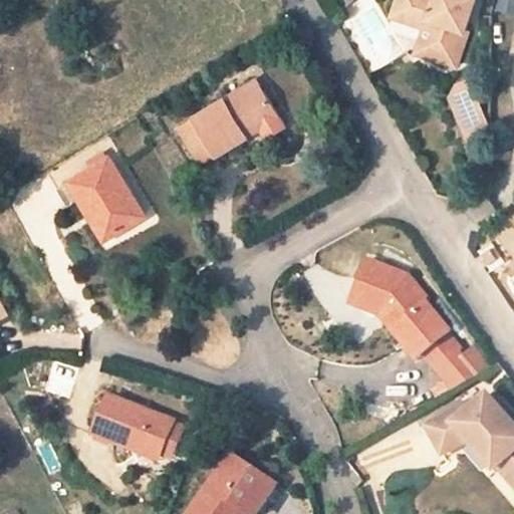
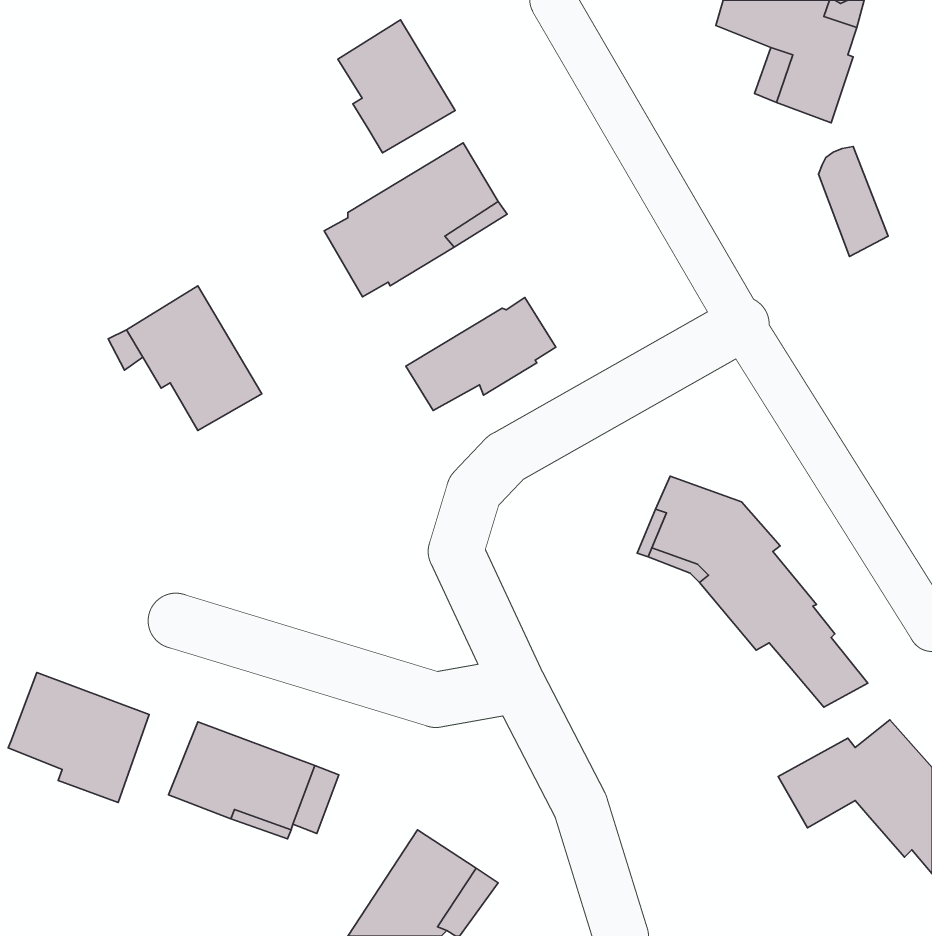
building: none -> [338,20,455,153]
building: none -> [406,297,556,411]
building: none -> [8,672,149,802]

